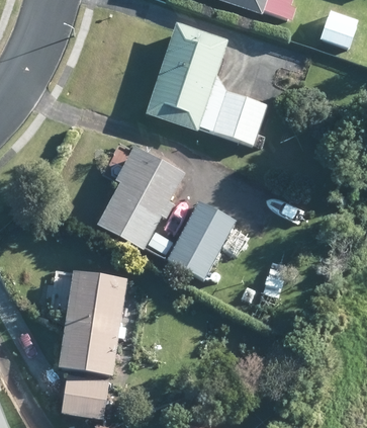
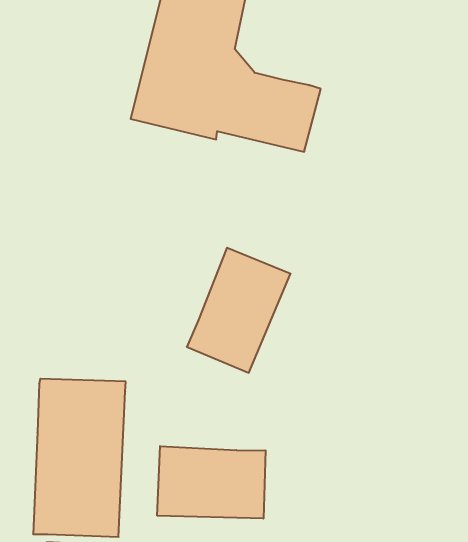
building: [97,146,185,254] -> none
building: none -> [157,446,266,519]

